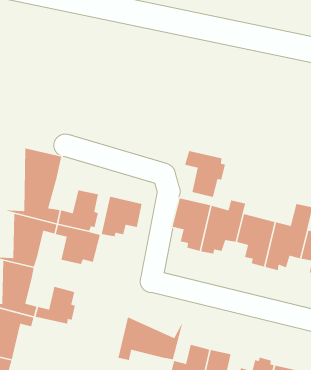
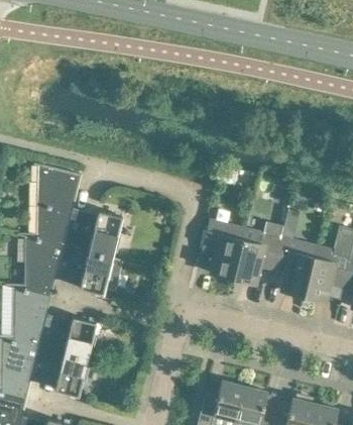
building: [184,150,226,198] -> none
building: [101,196,143,237] -> none
building: [118,308,184,361] -> none
building: none -> [45,351,87,396]

